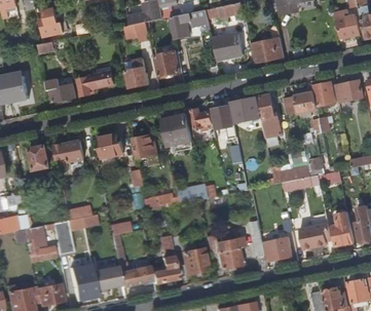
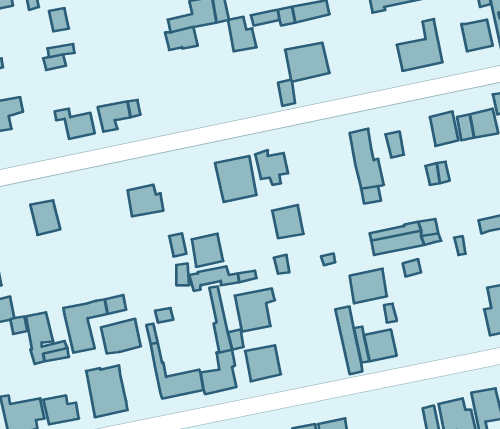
building: [251,25,284,62] -> [397,19,443,71]
building: [155,50,181,76] -> none
building: [124,60,149,87] -> none
building: [294,91,319,113] -> none
building: [240,96,262,122] -> none
building: [213,105,235,128] -> [272,205,304,238]
building: [135,134,157,158] -> [192,234,223,267]
building: [60,140,84,161] -> none
building: [332,211,354,245] -> none
building: [300,225,327,249] -> [350,269,387,303]
building: [216,238,245,269] -> [235,289,275,332]
building: [94,264,122,288] -> [101,319,141,353]

